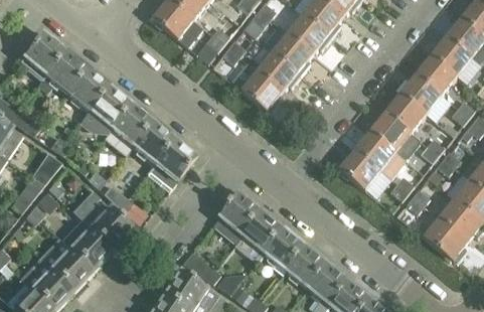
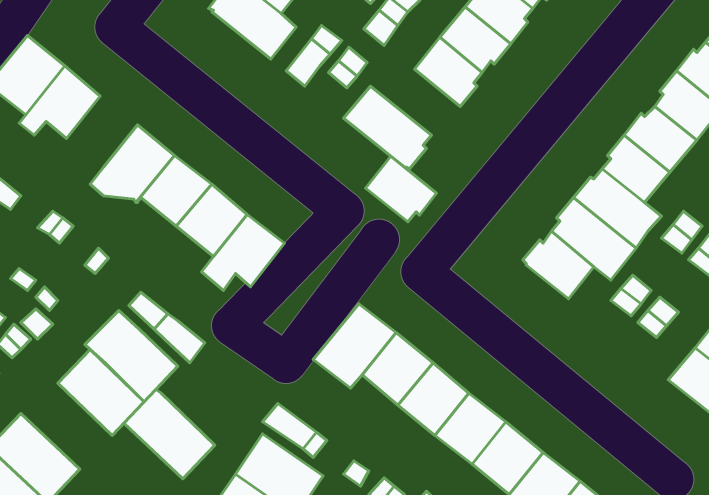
building: [258,52,300,92] -> [365,156,436,222]
building: [65,68,108,111] -> none
building: [38,238,93,291] -> [124,389,215,479]

